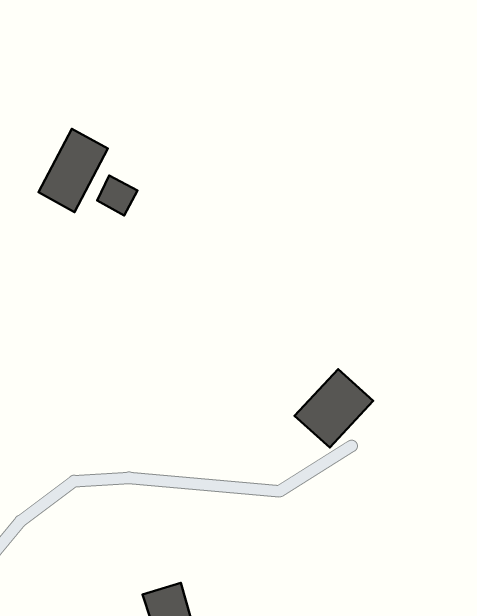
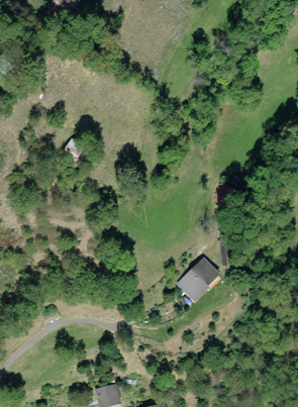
building: [38,129,108,212] -> none

